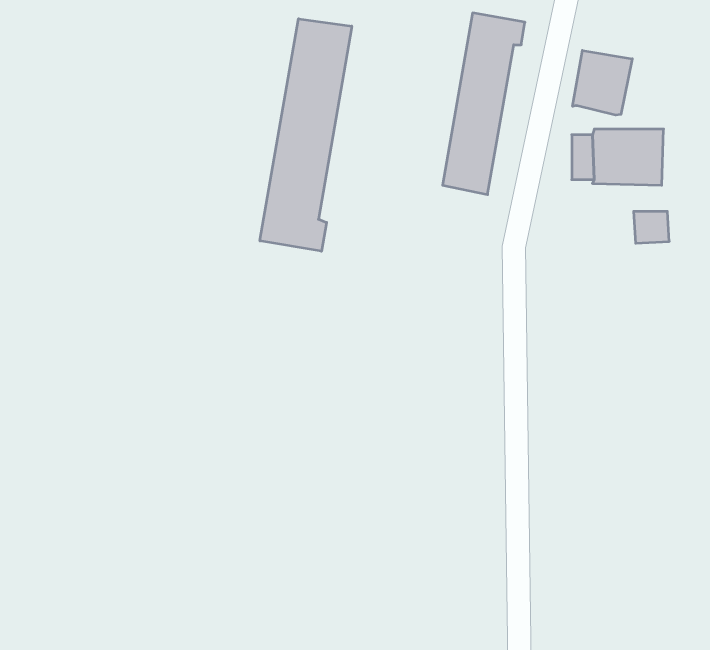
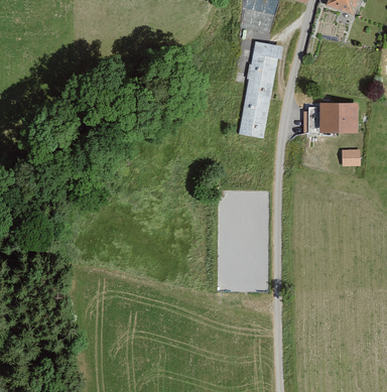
building: [260,19,352,251] -> none
building: [573,50,632,115] -> none

